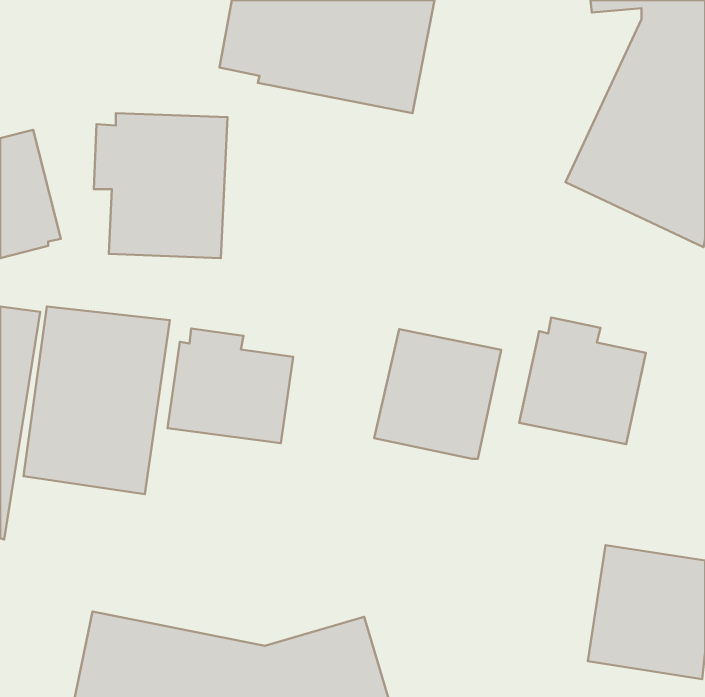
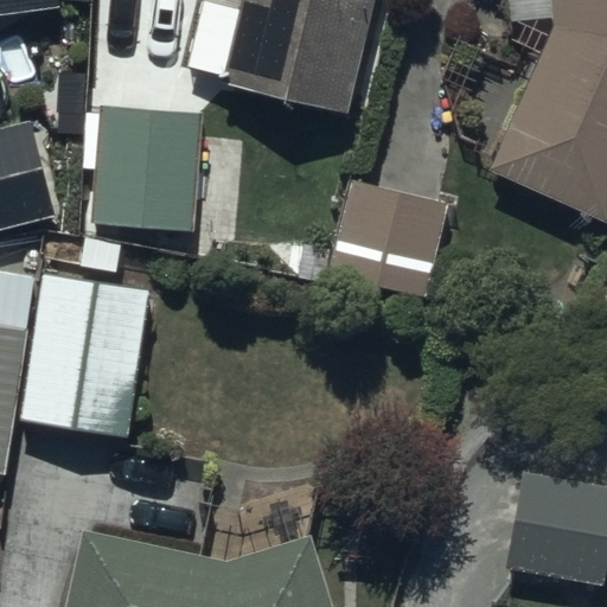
building: [519,318,646,444] -> none
building: [167,329,293,443] -> none
building: [374,329,501,459] -> [338,184,447,295]

